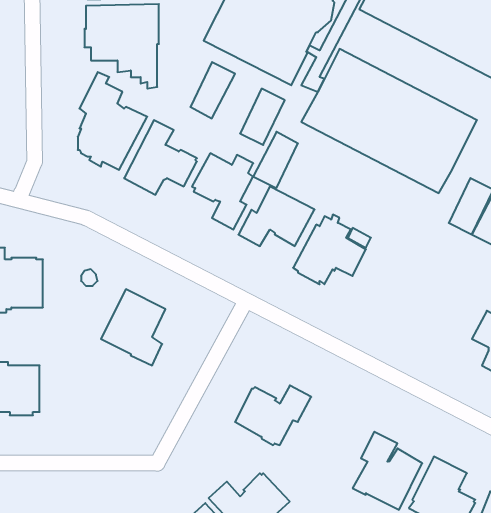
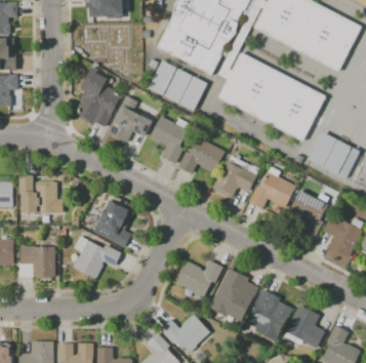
building: [253,132,298,188] -> [164,69,192,104]
building: none -> [248,167,296,209]
building: none -> [289,190,329,239]
building: none -> [74,236,122,279]
building: none -> [214,269,255,313]

